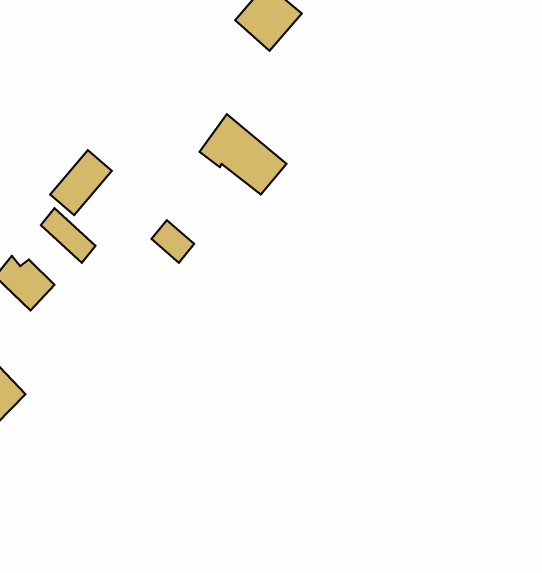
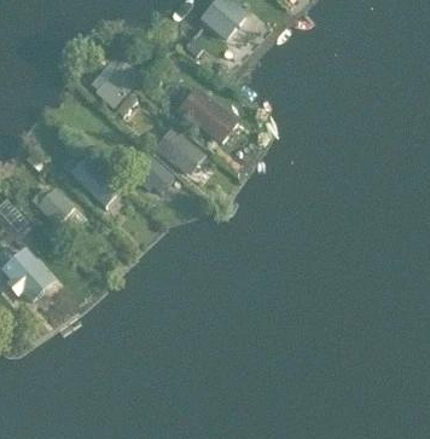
building: [50,150,112,215] -> [98,60,141,106]
building: none -> [157,129,205,173]

